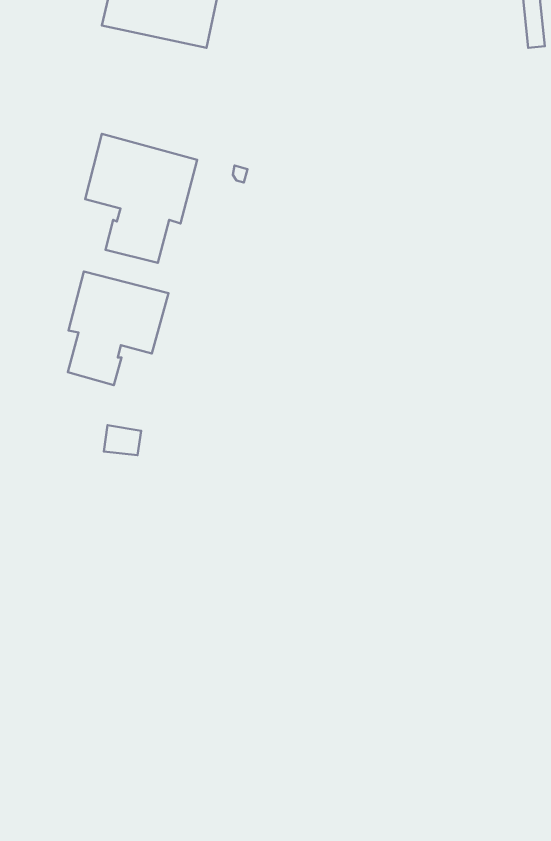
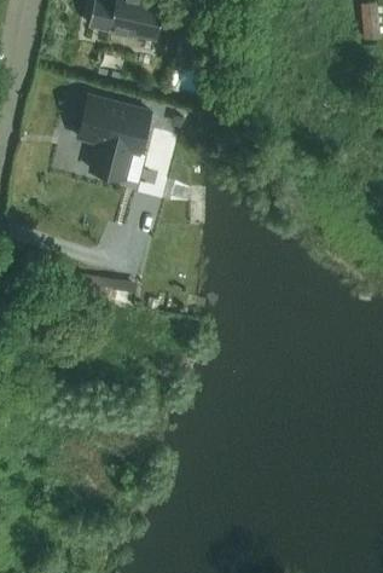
building: [68,272,168,385] -> none

